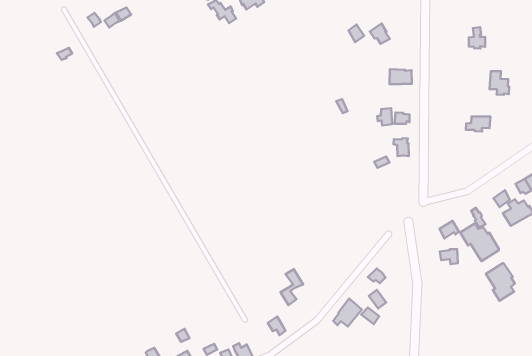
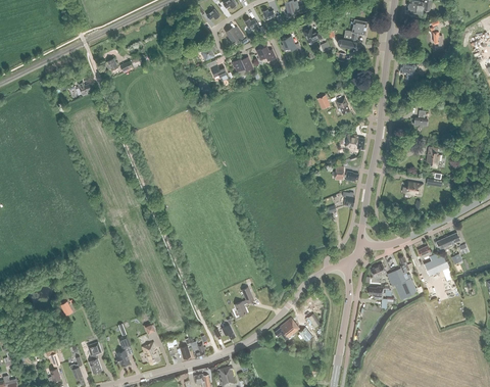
building: [486,263,515,301] -> none

